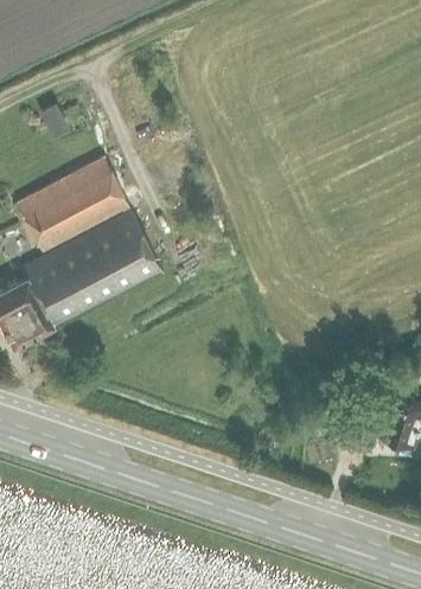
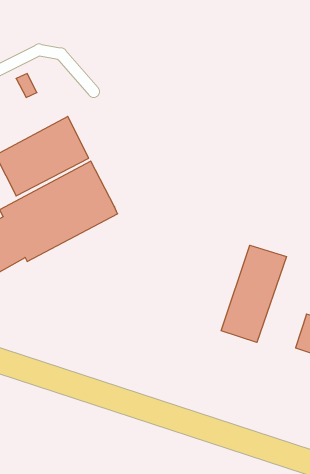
building: none -> [221,245,286,342]

